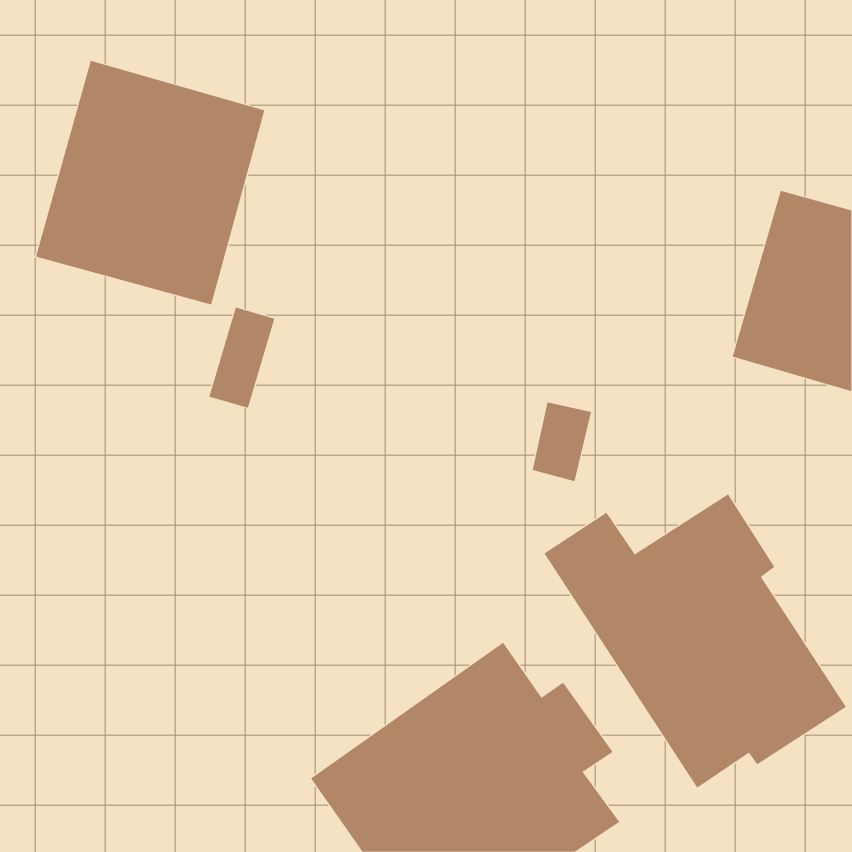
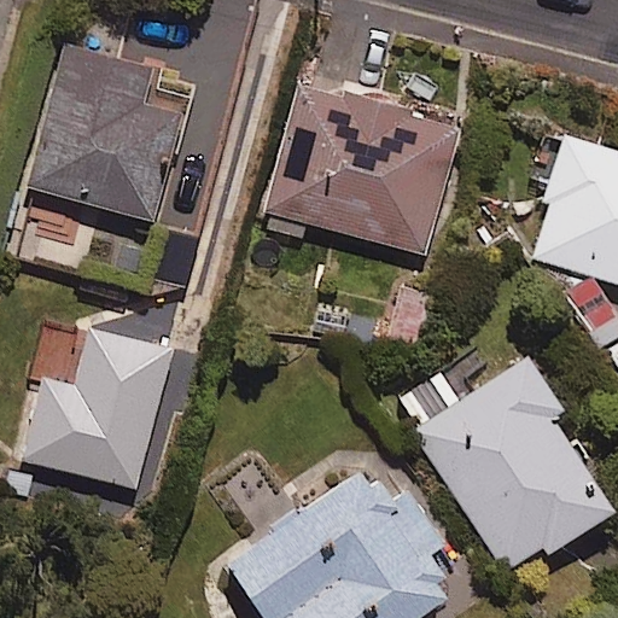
building: none -> [264,84,459,252]
building: none -> [19,327,171,489]

